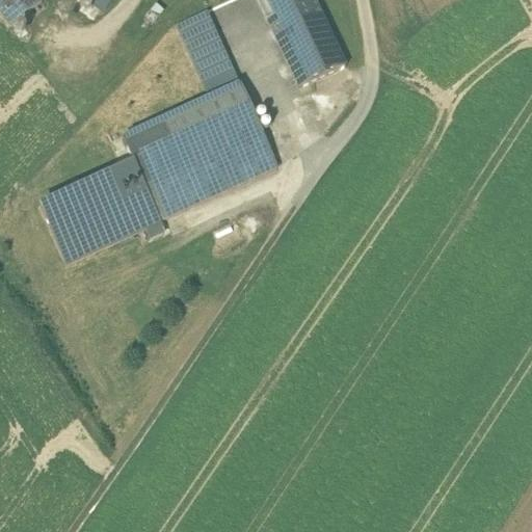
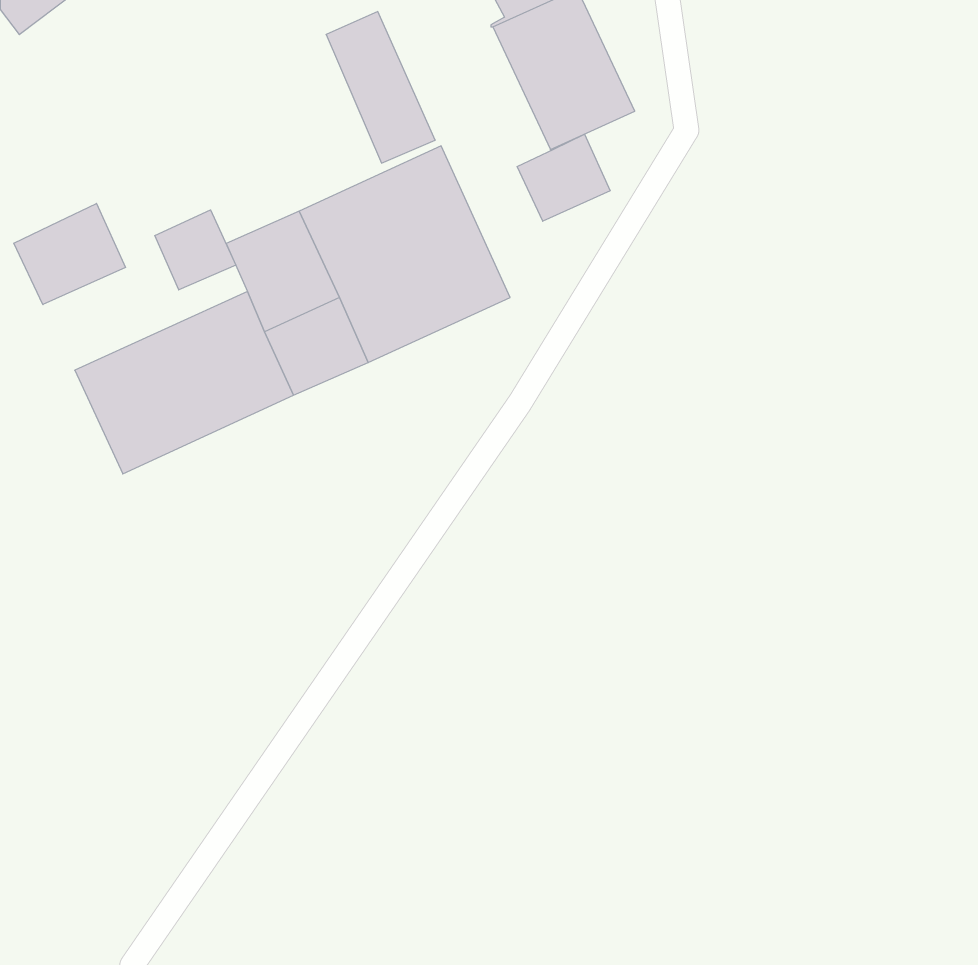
building: none -> [517,134,610,221]
building: none -> [14,203,125,305]
building: none -> [155,210,236,290]

